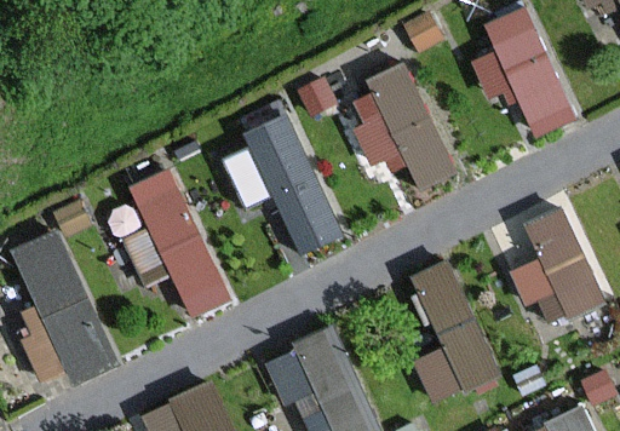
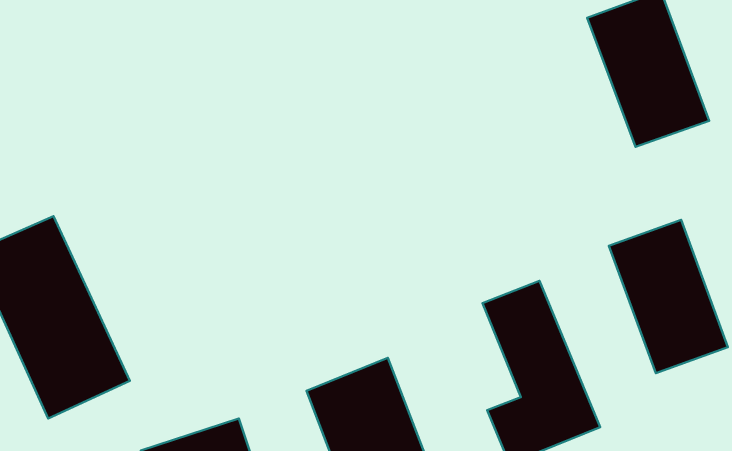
building: [343,63,455,200] -> none
building: [237,110,344,263] -> none
building: [124,166,235,322] -> none

